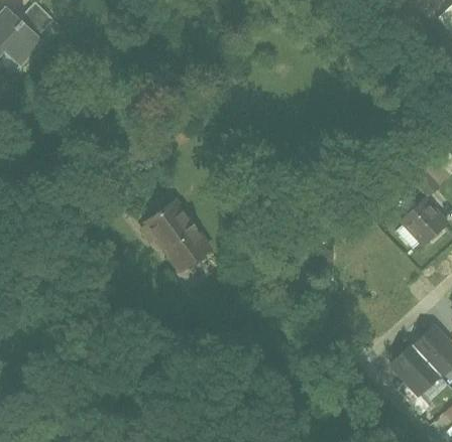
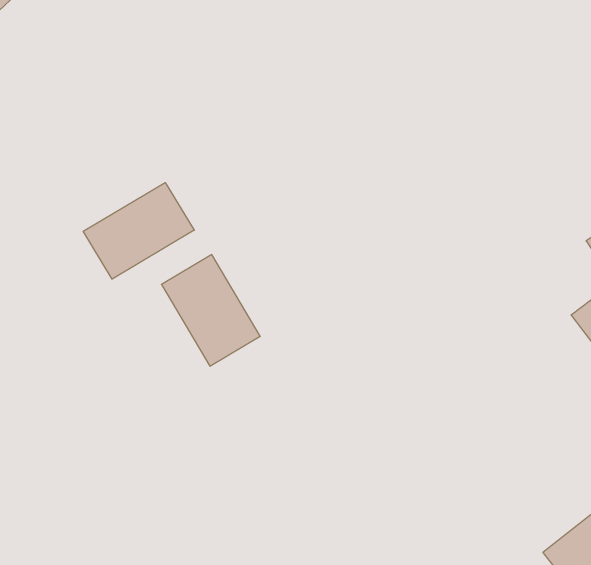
building: none -> [83,183,194,279]

